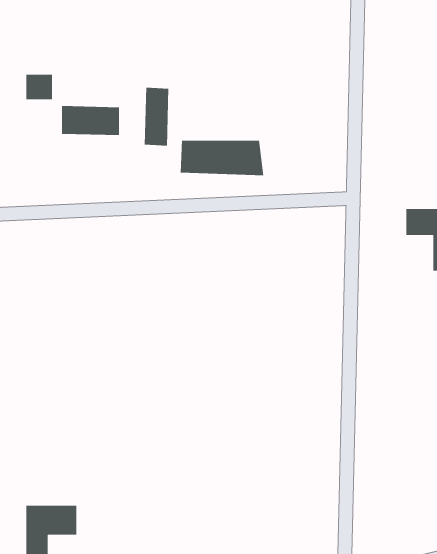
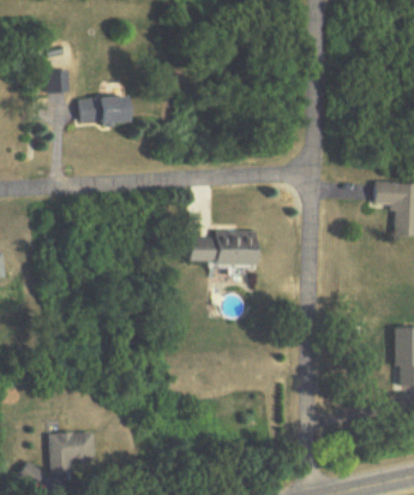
building: [144,87,169,147] -> none
building: [180,140,264,176] -> [191,234,262,264]

